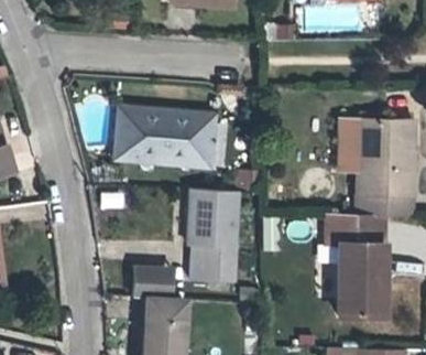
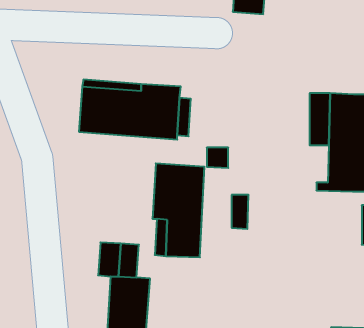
building: [326,215,382,315] -> none

